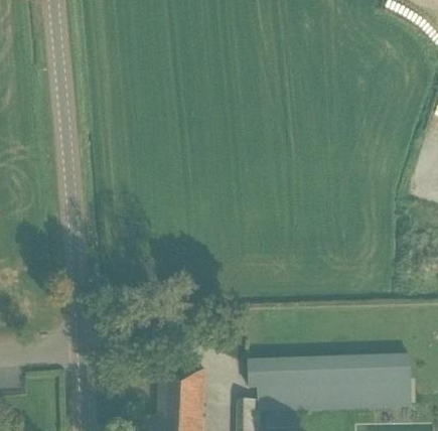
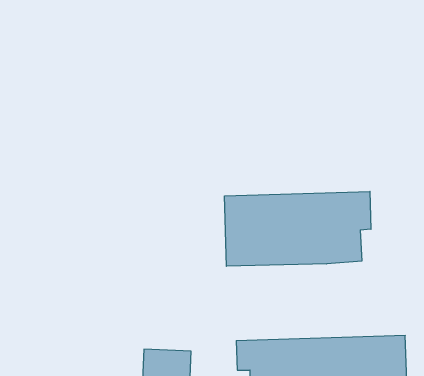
building: none -> [225,191,371,266]

